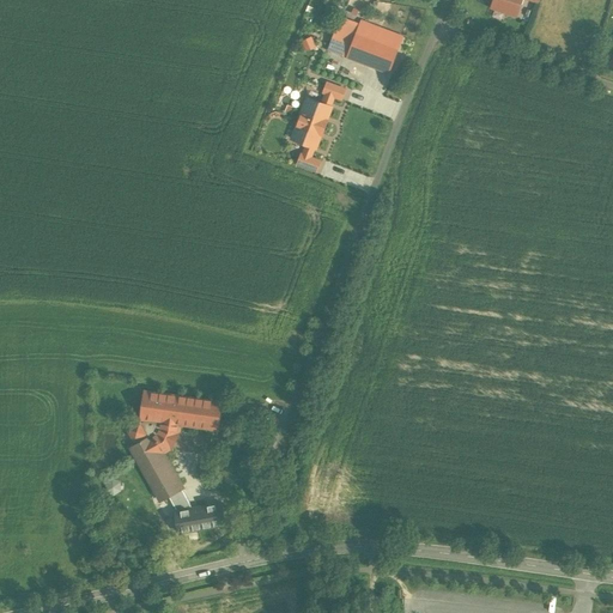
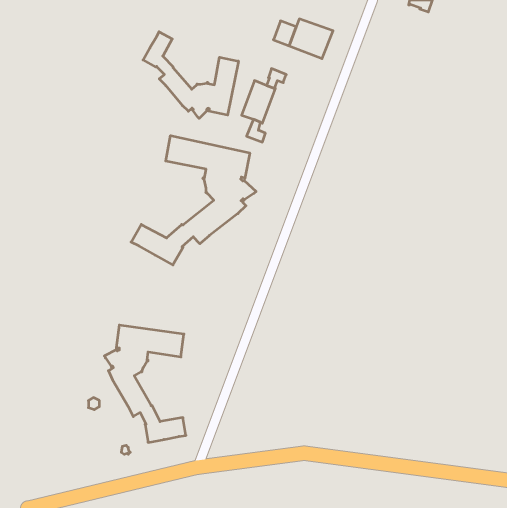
building: none -> [143,32,238,118]
building: none -> [131,136,256,265]

